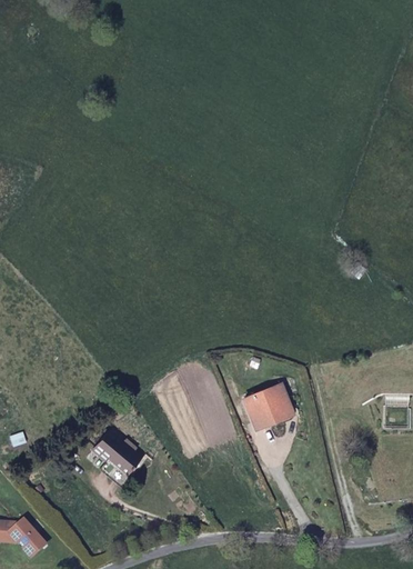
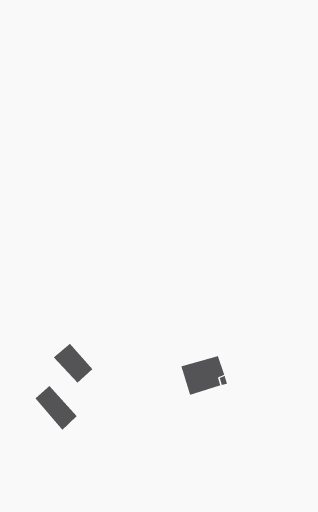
building: none -> [53,343,93,383]

